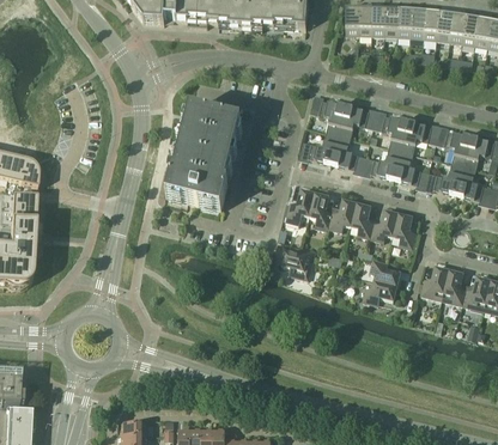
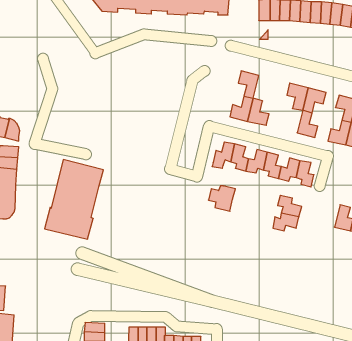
building: [338,103,368,135] -> none
building: [165,105,241,207] -> [45,160,103,239]
building: [370,145,401,176] -> none
building: [420,264,449,297] -> none

